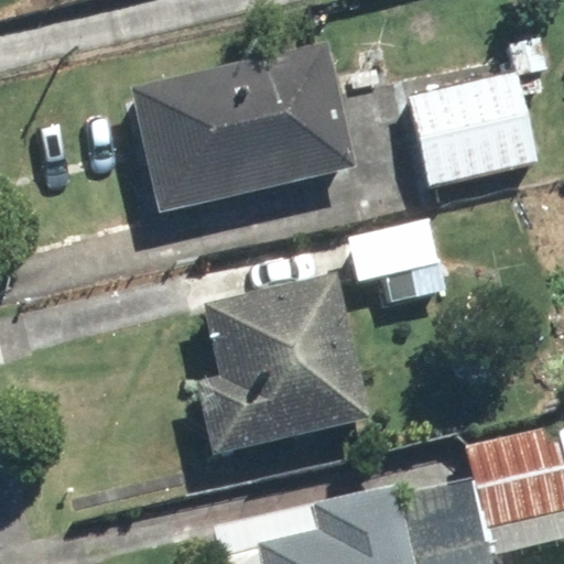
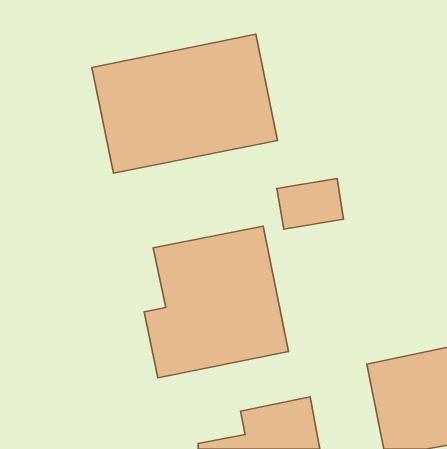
building: [409,69,540,192] -> none

